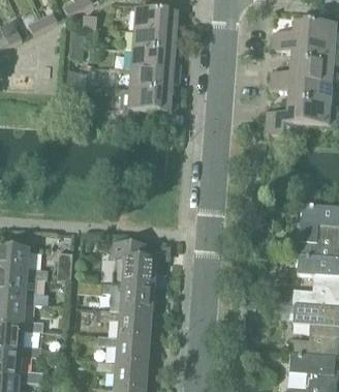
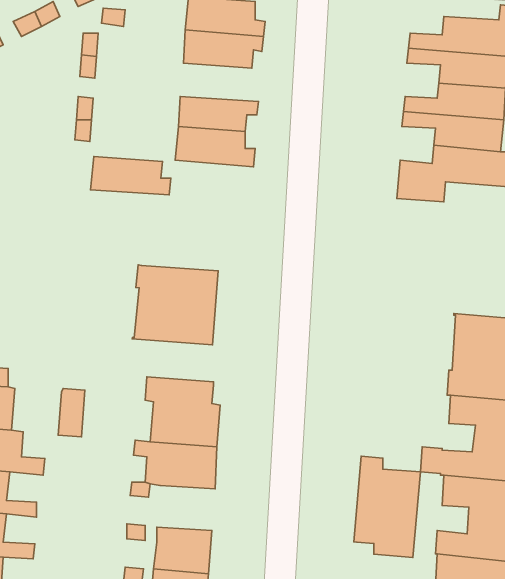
building: [131,50,181,73] -> [91,156,171,195]
building: none -> [132,265,218,345]
building: none -> [354,456,420,557]
building: [117,311,153,339] -> none

